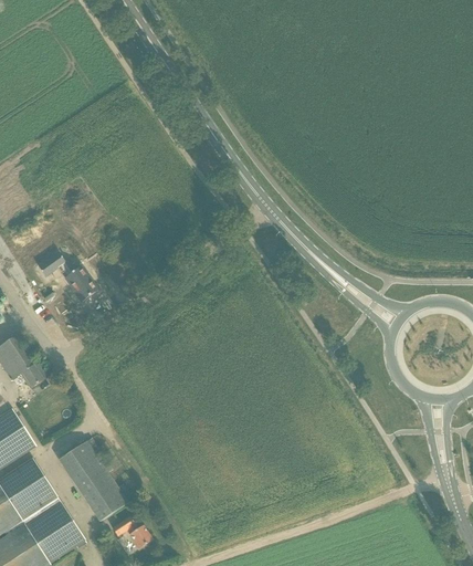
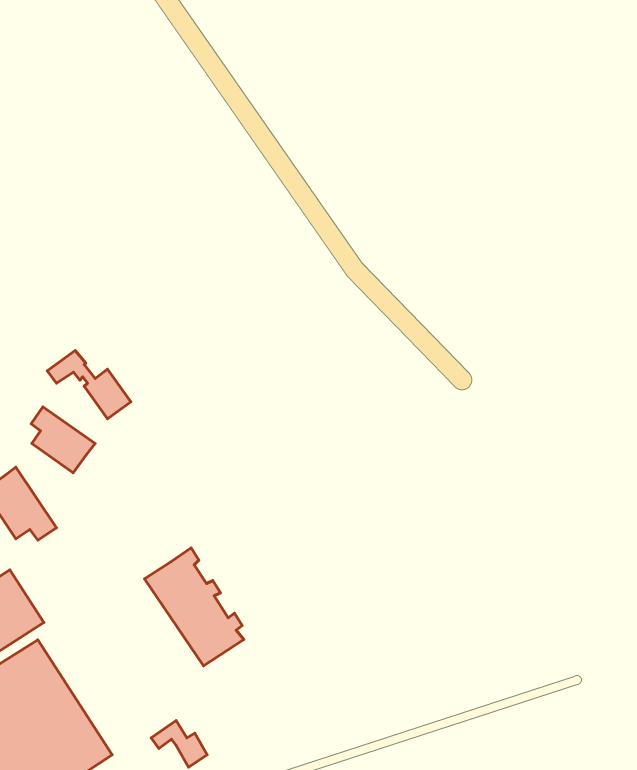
building: none -> [31,407,95,473]
building: [57,438,128,522] -> [144,548,244,666]

